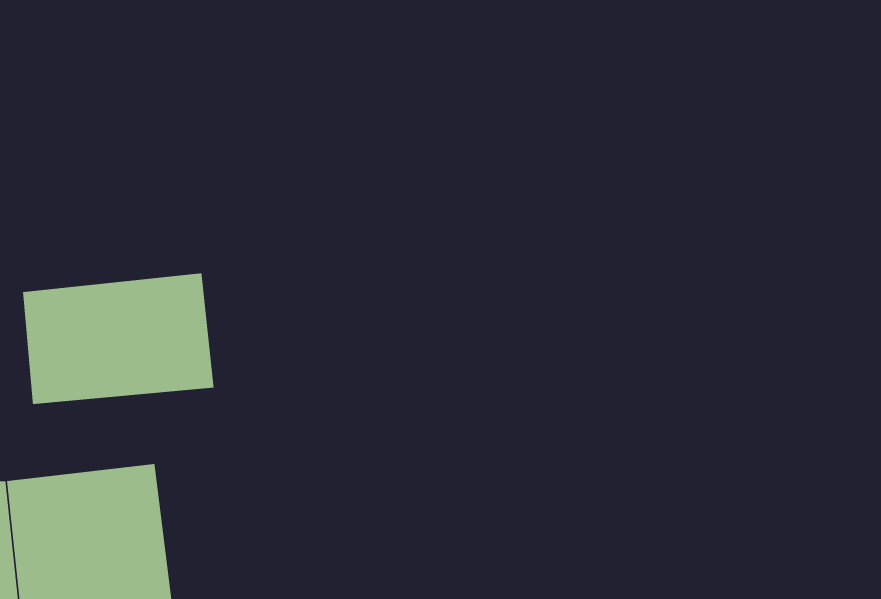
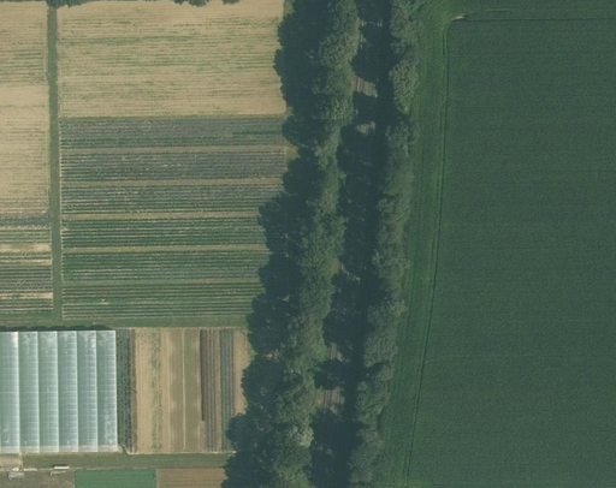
building: [22,273,214,405] -> none

